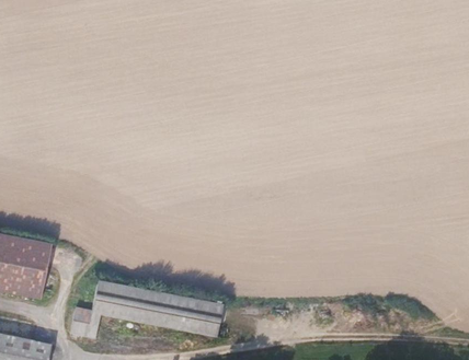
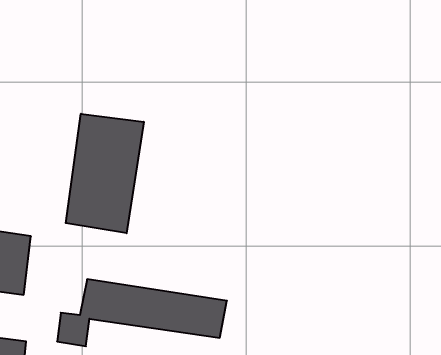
building: none -> [66,114,144,233]

